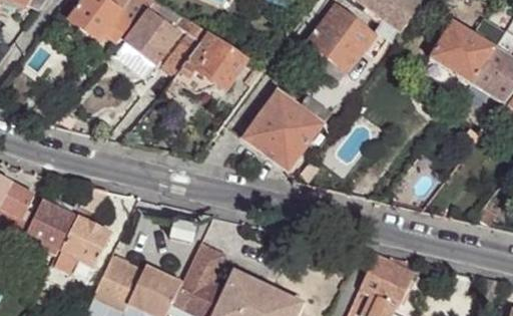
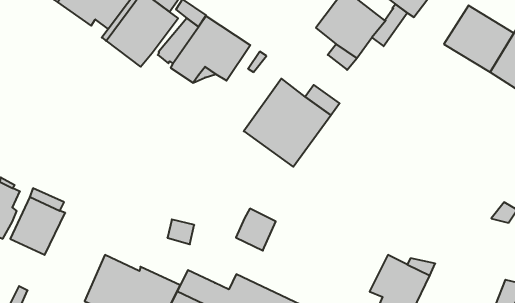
building: [61,186,111,267] -> none
building: [189,241,226,280] -> [236,209,276,251]

